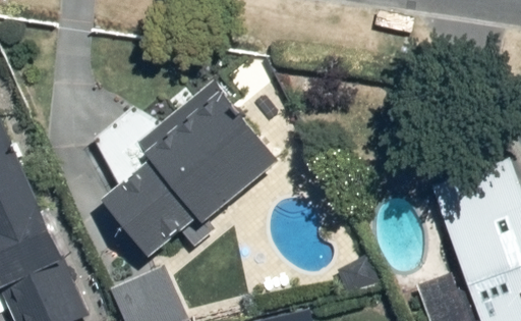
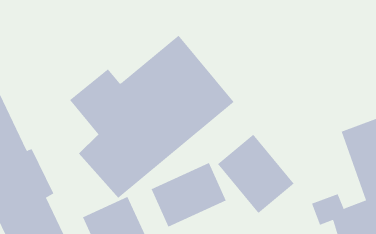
building: none -> [217,134,294,214]
building: none -> [151,162,226,227]

